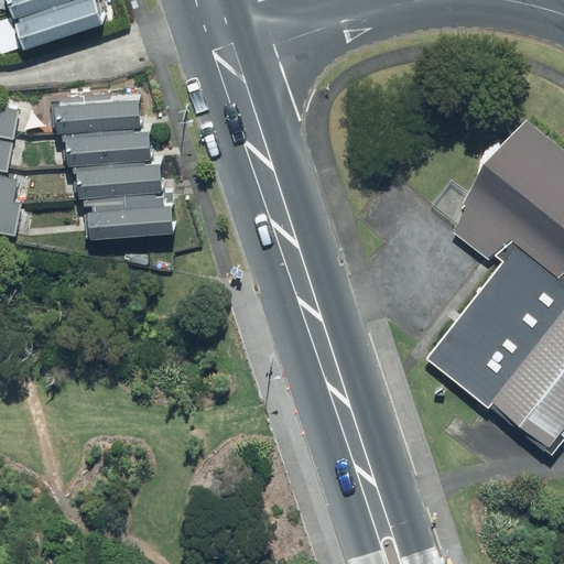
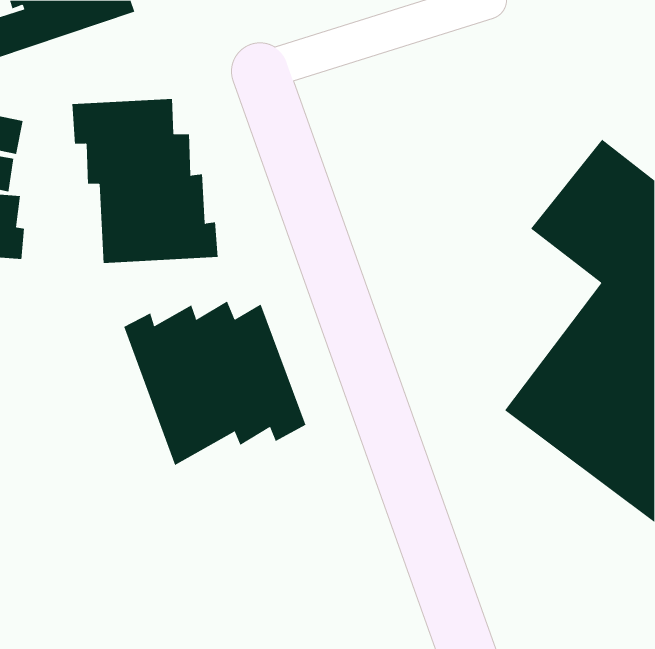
building: none -> [124,300,306,466]

